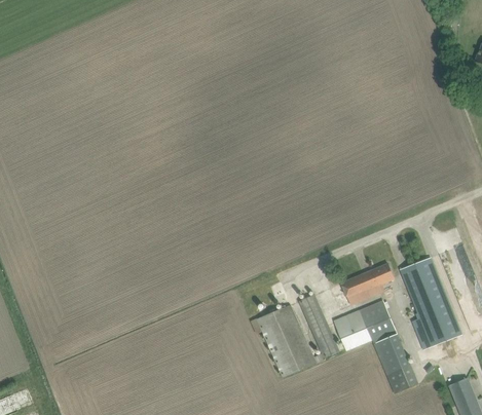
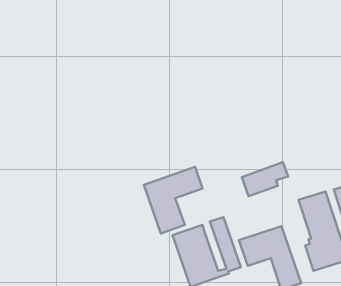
building: none -> [144,167,202,233]
building: [341,262,395,304] -> [242,162,288,196]

